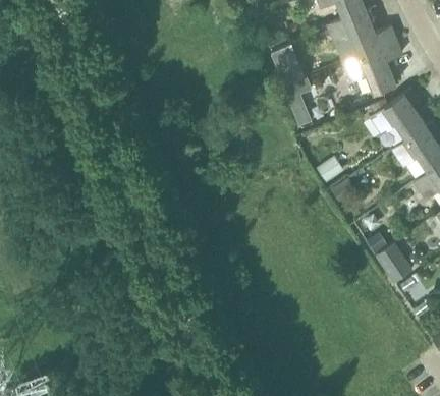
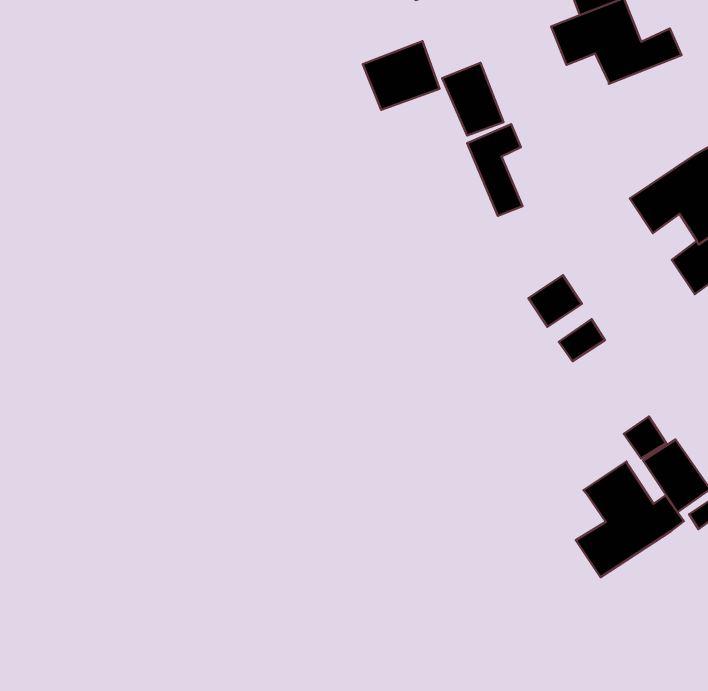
building: none -> [363,41,440,110]
building: [342,40,402,93] -> none
building: none -> [576,461,684,577]

